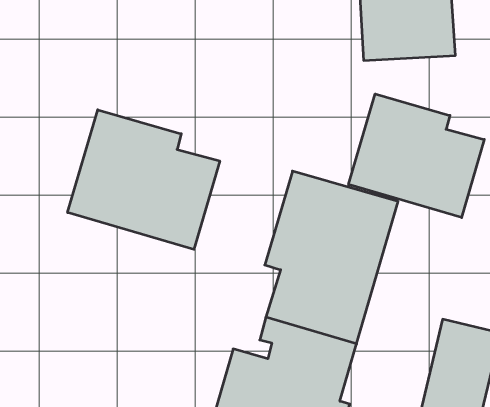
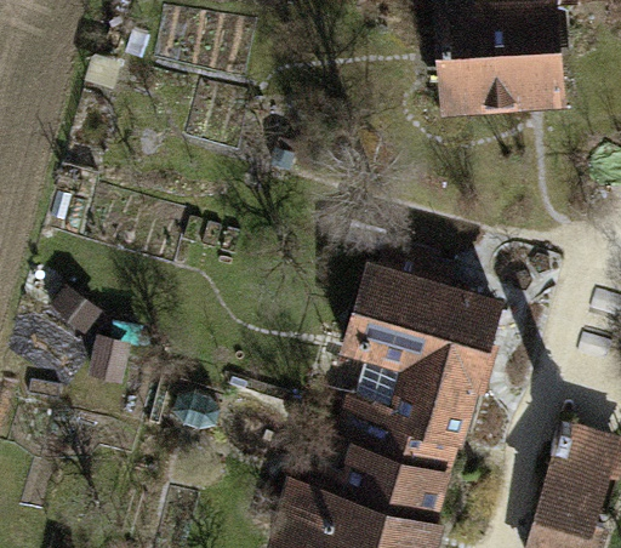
building: [349,94,484,218] -> none
building: [68,110,220,249] -> none

